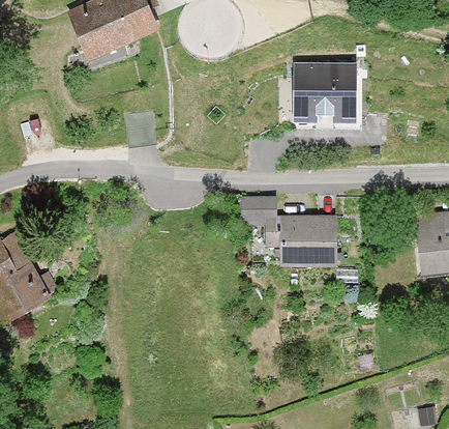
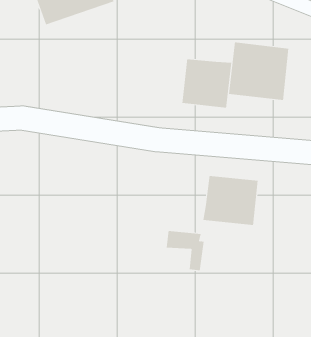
building: none -> [182,59,232,109]
building: [239,205,281,247] -> [166,230,204,271]

